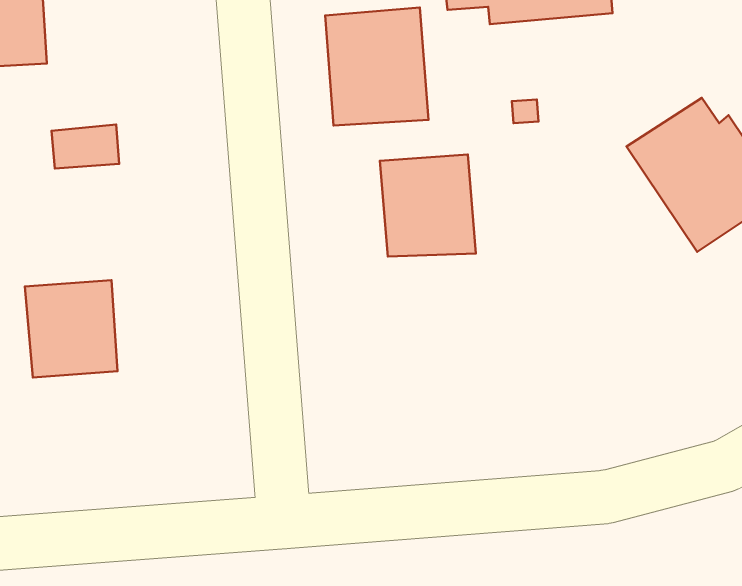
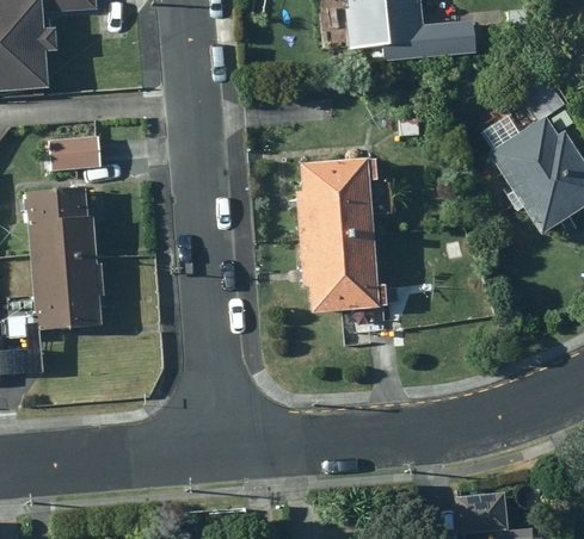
building: [325,7,429,126] -> none
building: none -> [25,190,96,259]
building: none -> [306,234,377,311]

